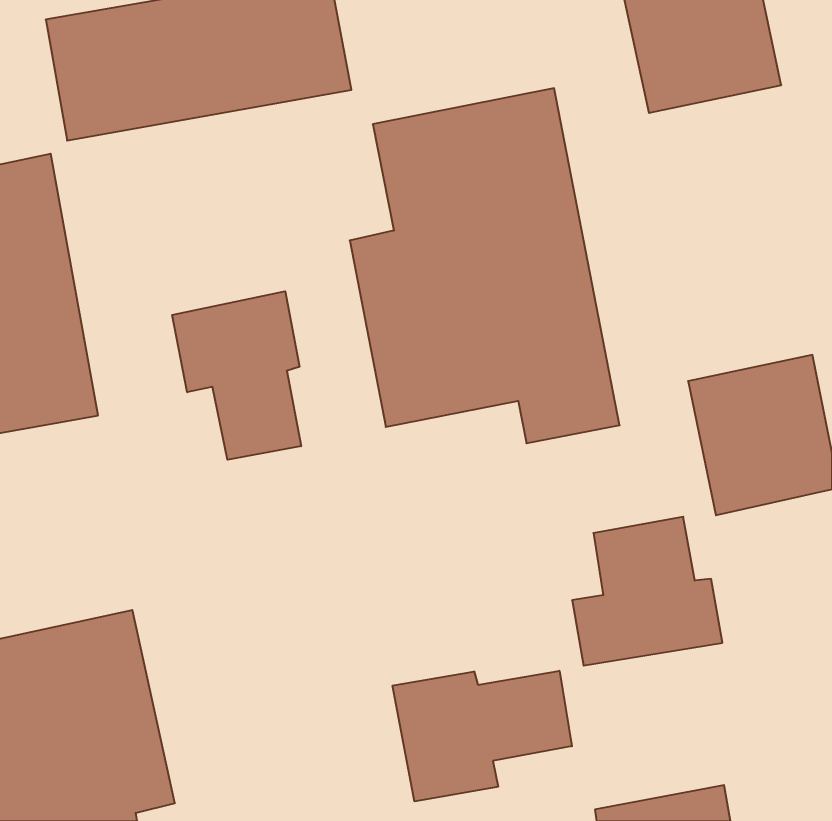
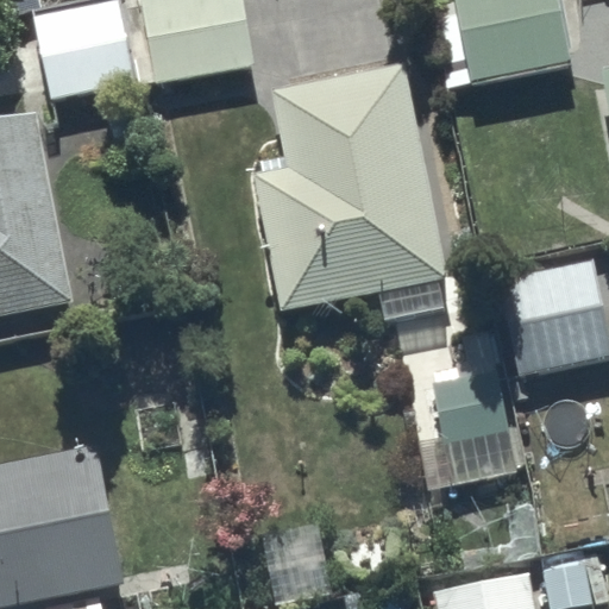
building: [172,291,301,460] -> none
building: [393,671,572,801] -> none

